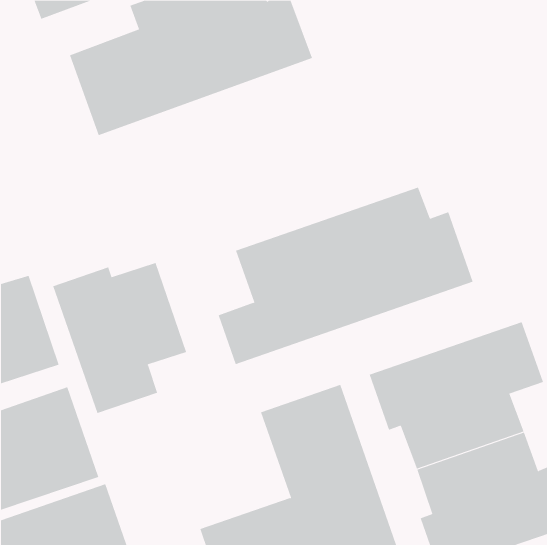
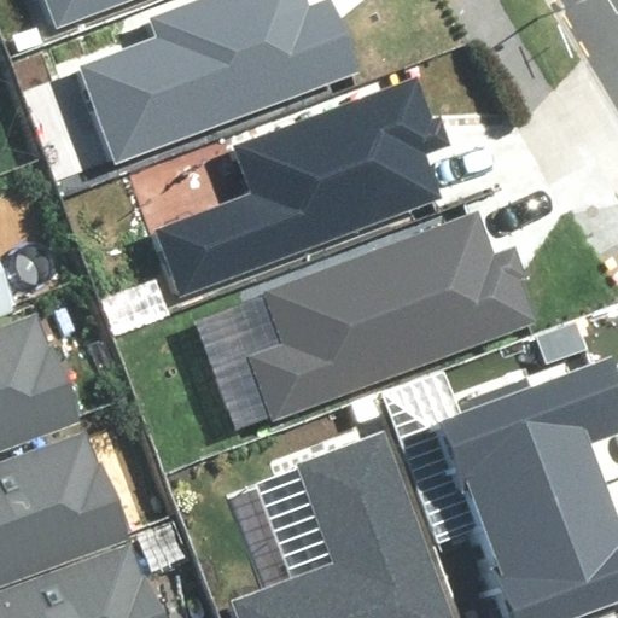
building: none -> [159,76,439,287]
building: [52,262,187,414] -> none

